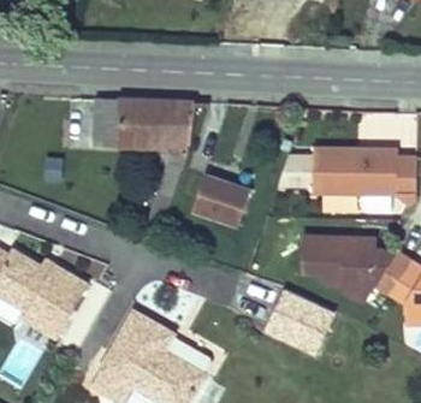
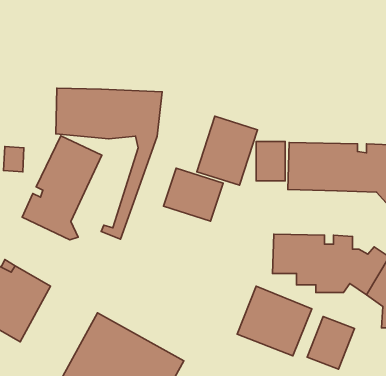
building: none -> [197,116,257,185]
building: none -> [22,136,102,240]
building: none -> [307,316,355,369]

